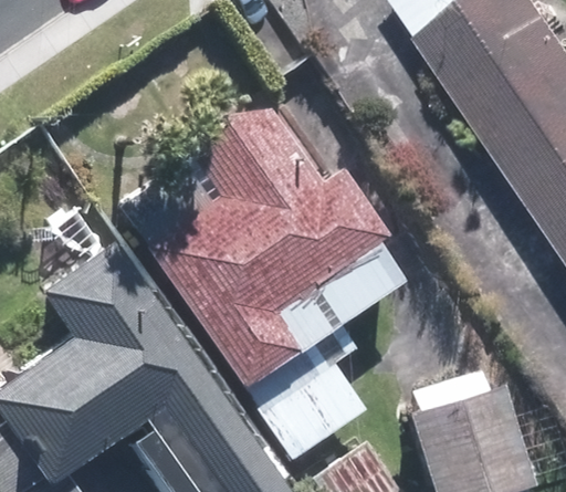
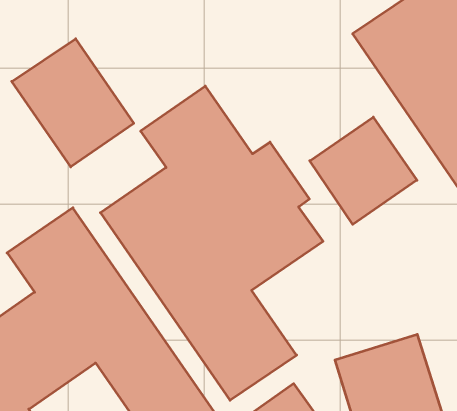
building: none -> [12,39,134,167]
building: none -> [310,117,417,224]

